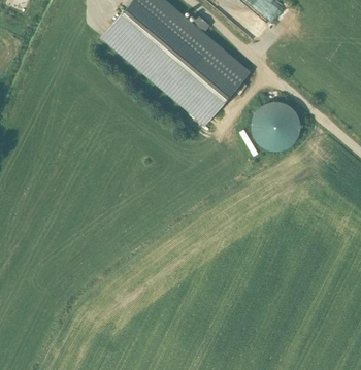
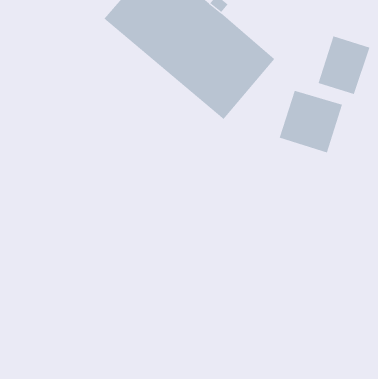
building: none -> [318,35,370,95]

